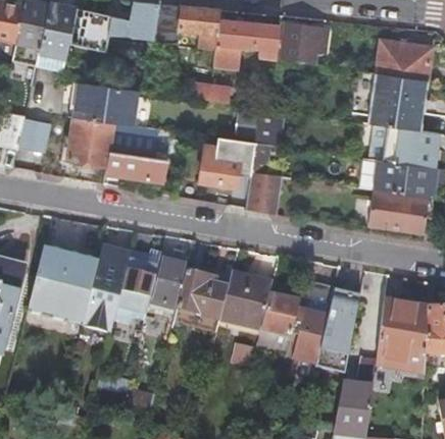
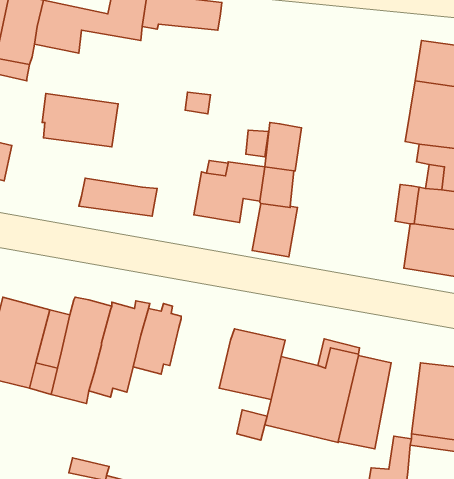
building: [213,19,280,68] -> none
building: [282,24,331,60] -> none
building: [68,118,158,166] -> none
building: [177,272,228,321] -> none

